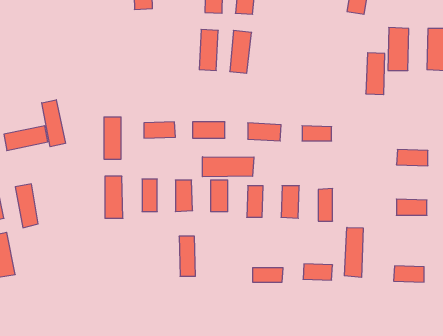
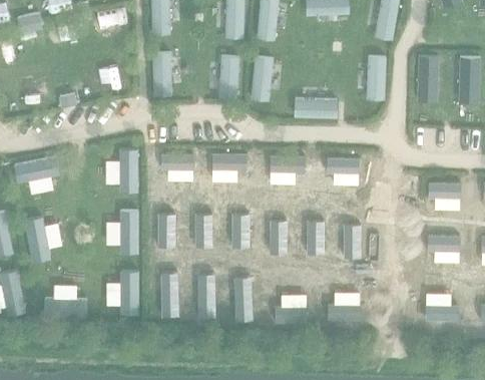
building: none -> [151,52,170,95]
building: [366,53,385,95] -> [366,57,386,101]
building: none -> [293,100,336,119]
building: [42,100,65,147] -> none
building: [203,157,254,177] -> none
building: [344,227,363,277] -> none
building: none -> [119,272,137,316]
building: none -> [160,273,178,316]
building: none -> [232,277,253,319]
building: none -> [43,299,87,319]

